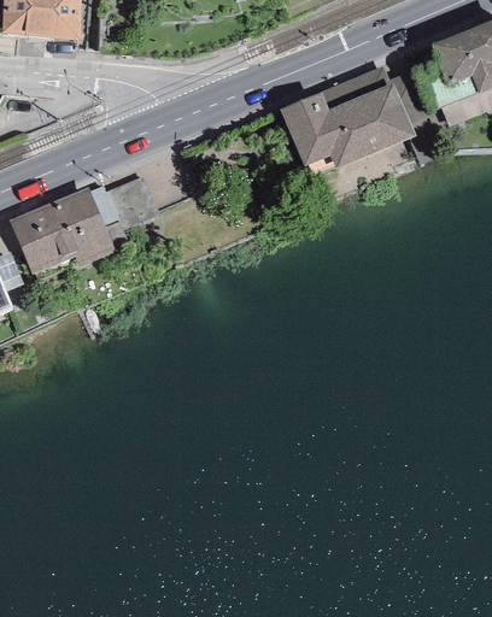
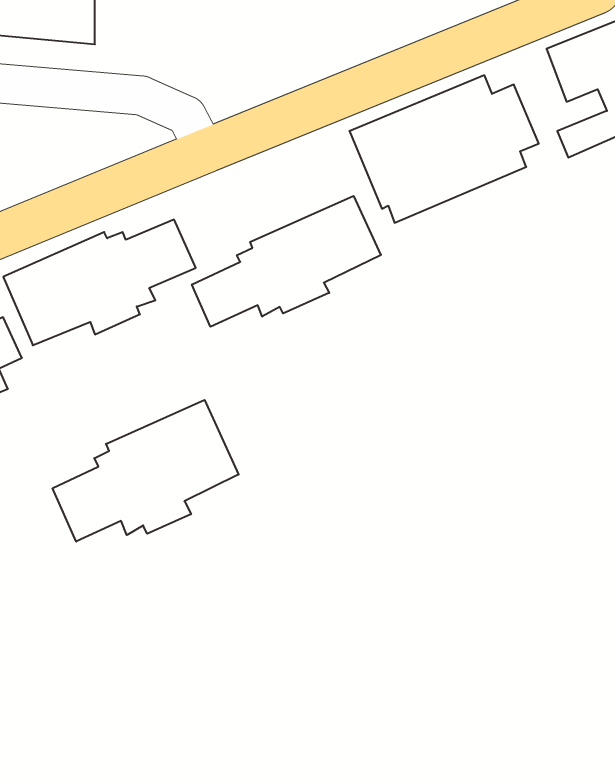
building: none -> [192,196,381,327]
building: none -> [53,400,239,542]

